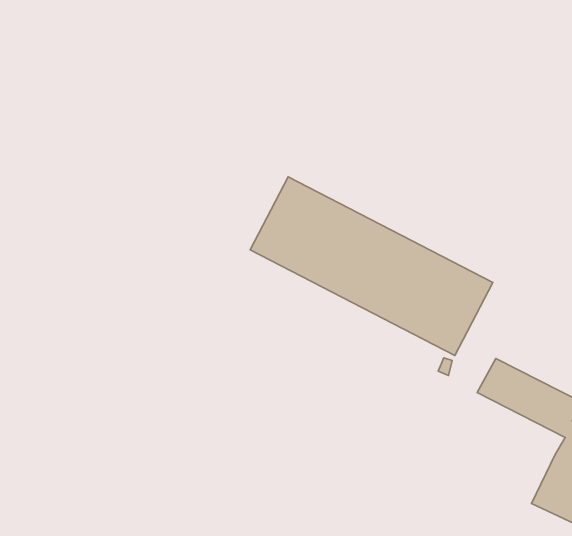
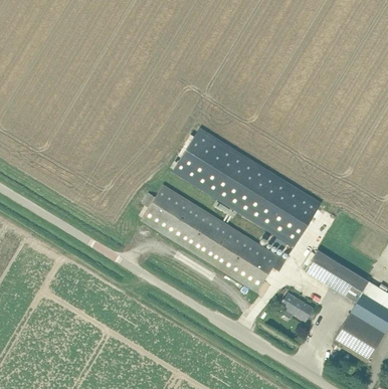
building: none -> [143,184,286,291]
building: none -> [281,293,315,322]

